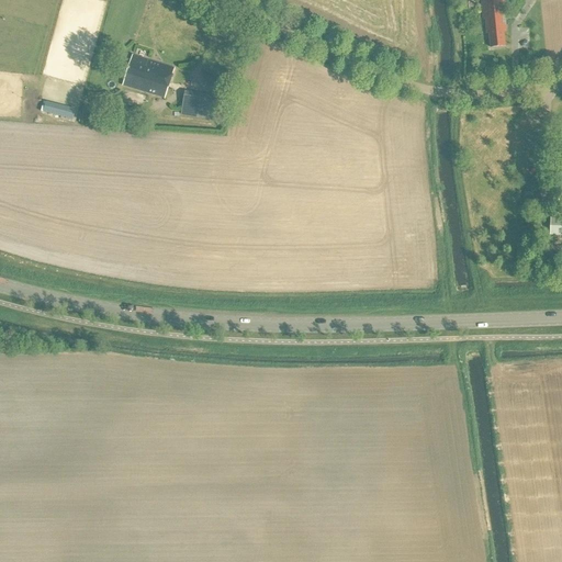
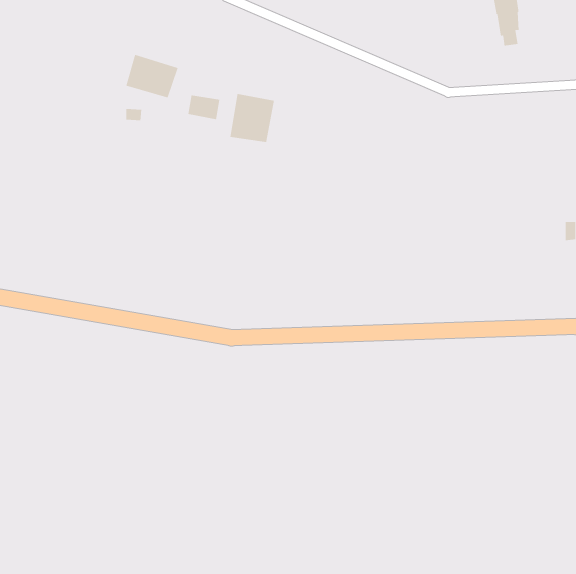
building: none -> [230,93,274,143]

